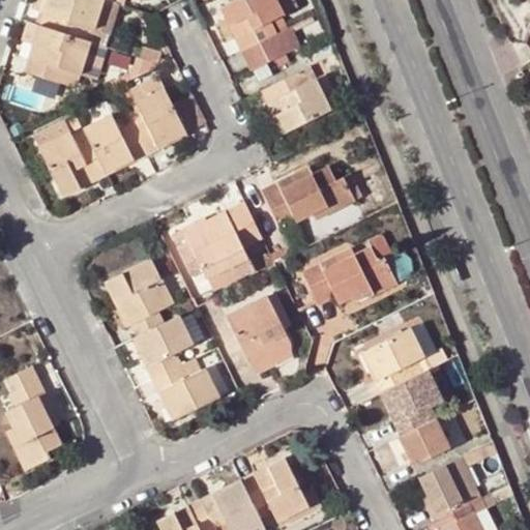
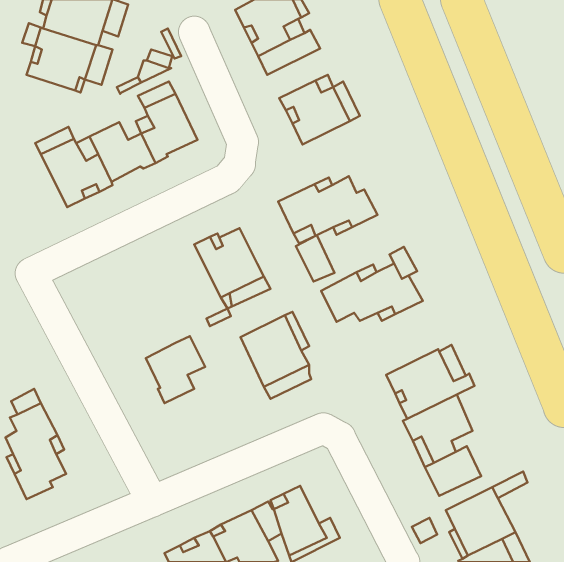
building: [225,204,261,247] -> [296,235,334,282]
building: [106,258,172,336] -> none
building: [154,359,218,417] -> none

